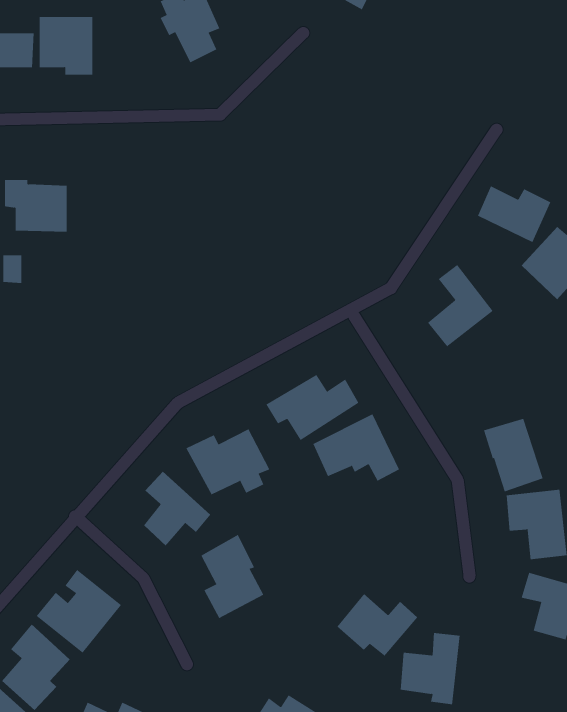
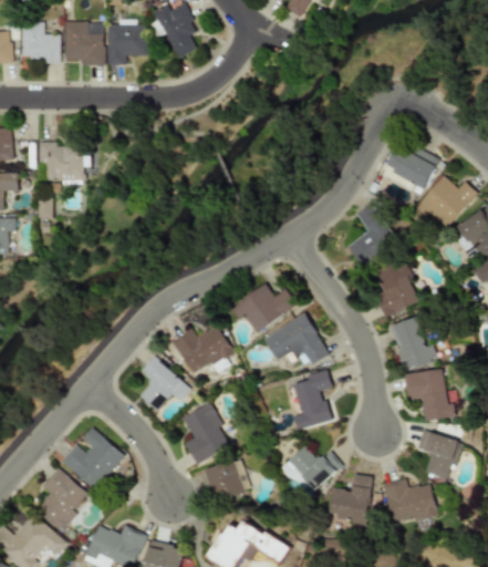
building: none -> [107,24,146,64]
building: none -> [374,257,419,318]
building: none -> [294,370,333,430]
building: none -> [205,457,250,503]
building: none -> [383,480,438,522]

